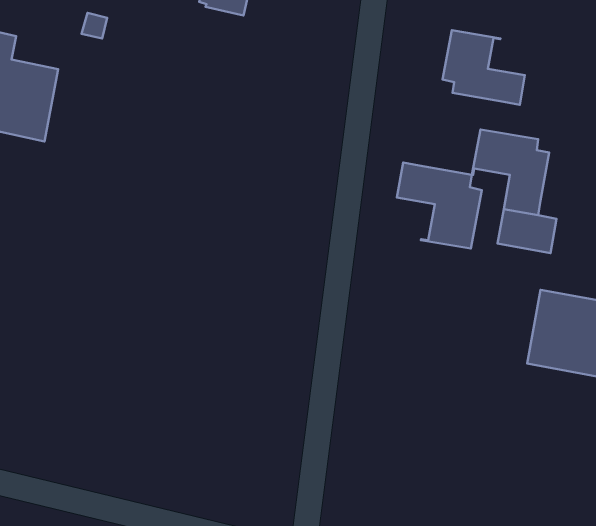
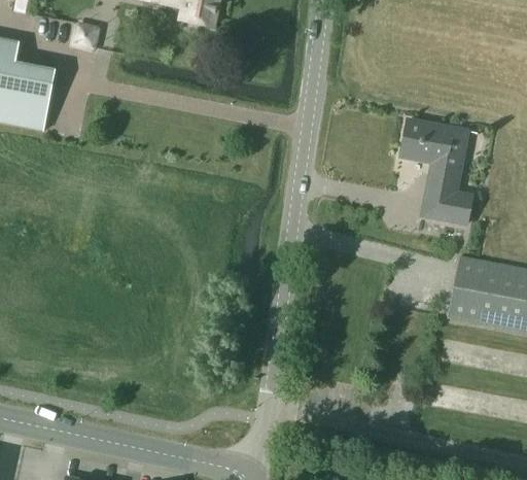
building: [443,30,525,105] -> none
building: [397,162,482,249] -> none

